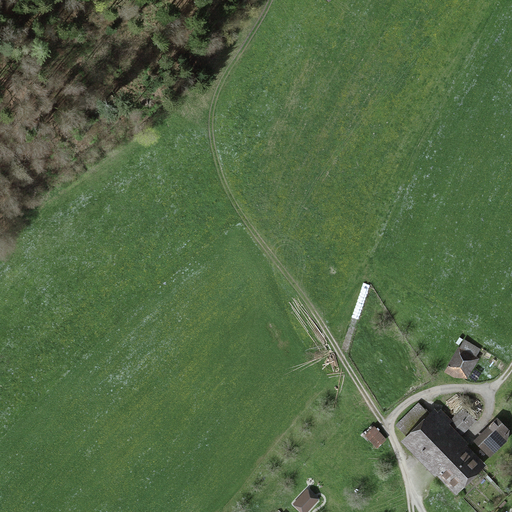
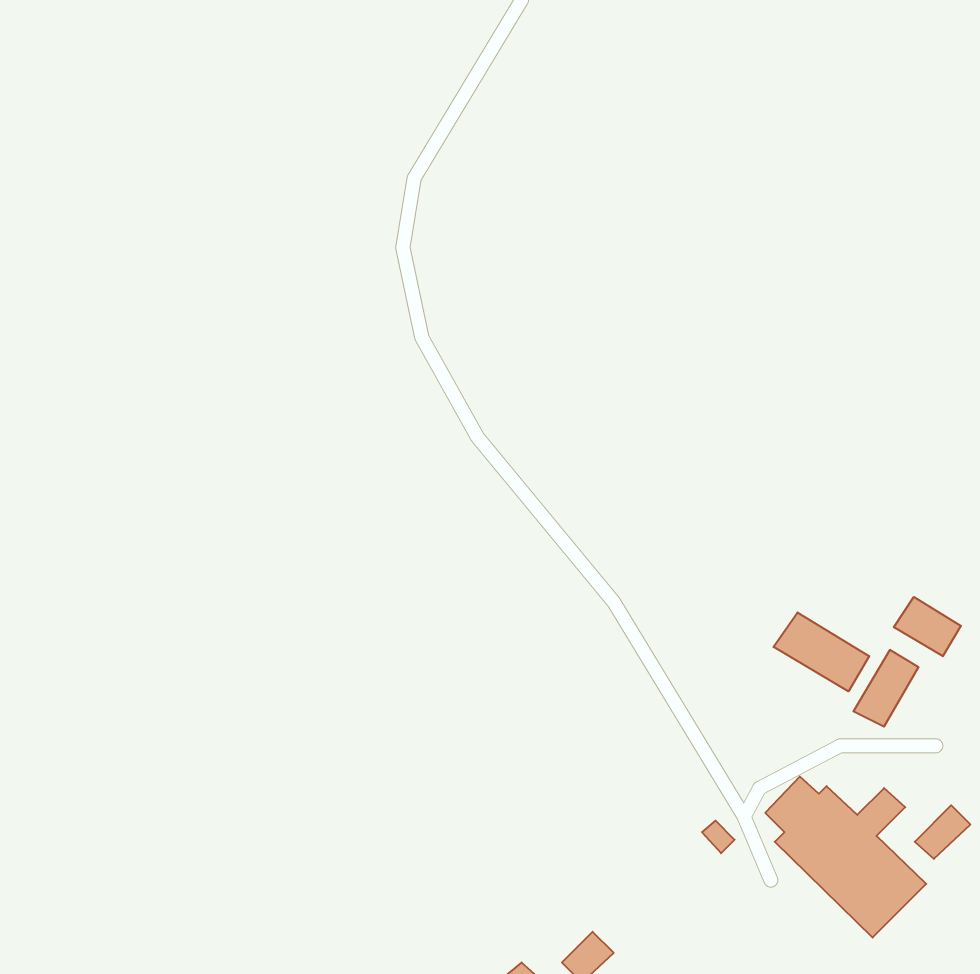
building: none -> [894,597,961,656]
building: none -> [773,612,869,691]

